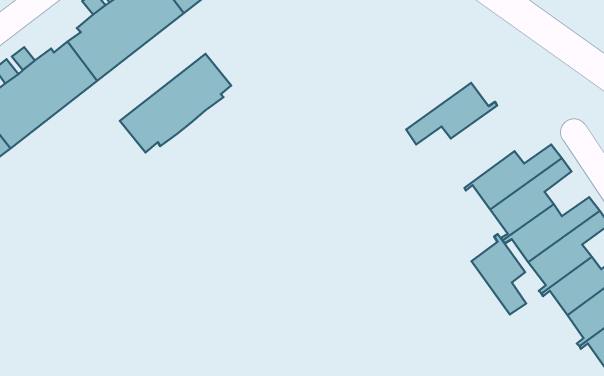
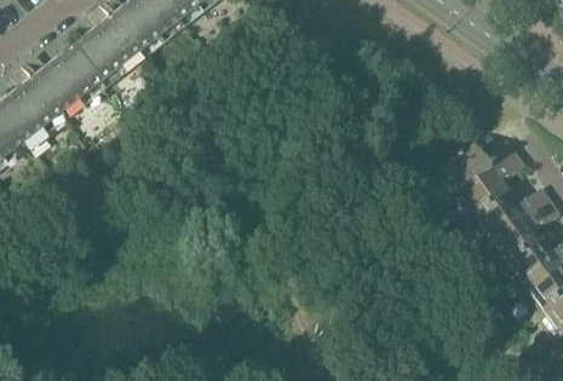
building: [120,54,231,153] -> none
building: [406,83,497,144] -> none
building: [471,234,526,315] -> none

